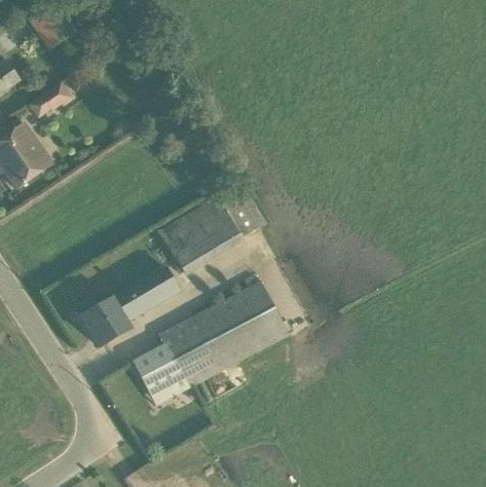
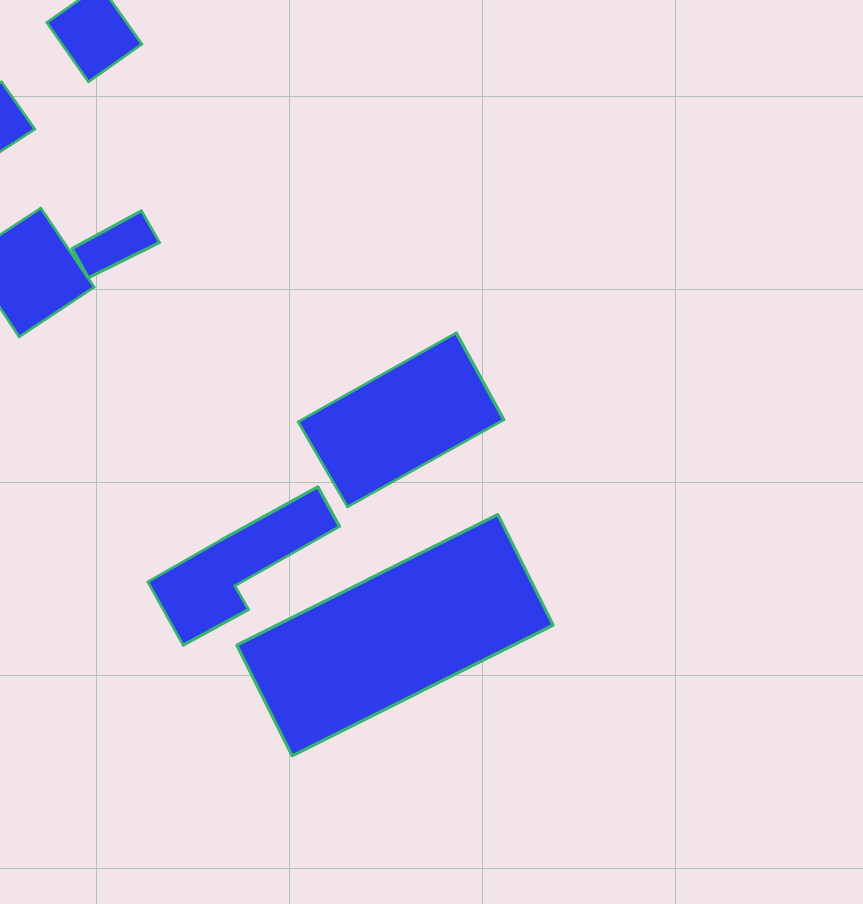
building: [26,79,71,114] -> [72,211,159,278]

